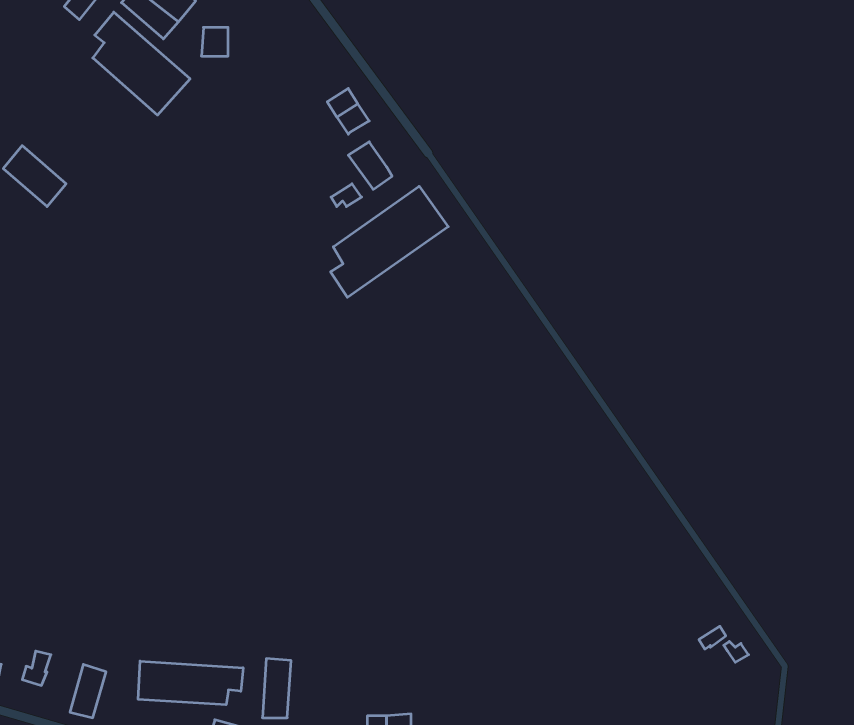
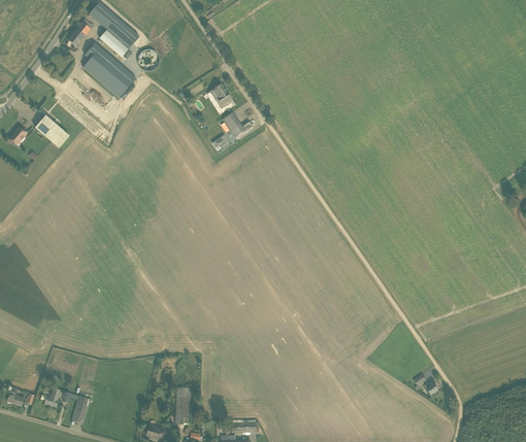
building: [331,186,448,297] -> none
building: [138,661,243,705] -> none

